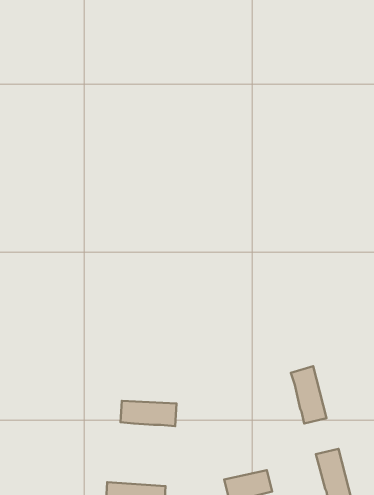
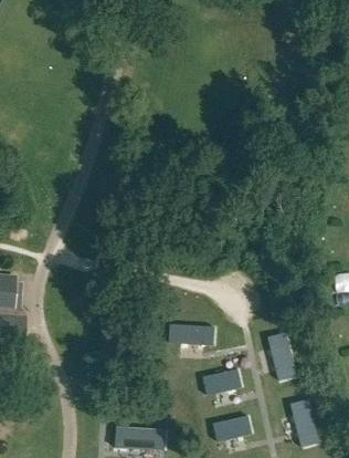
building: [121,401,177,426] -> [168,325,214,346]
building: none -> [203,368,242,394]

